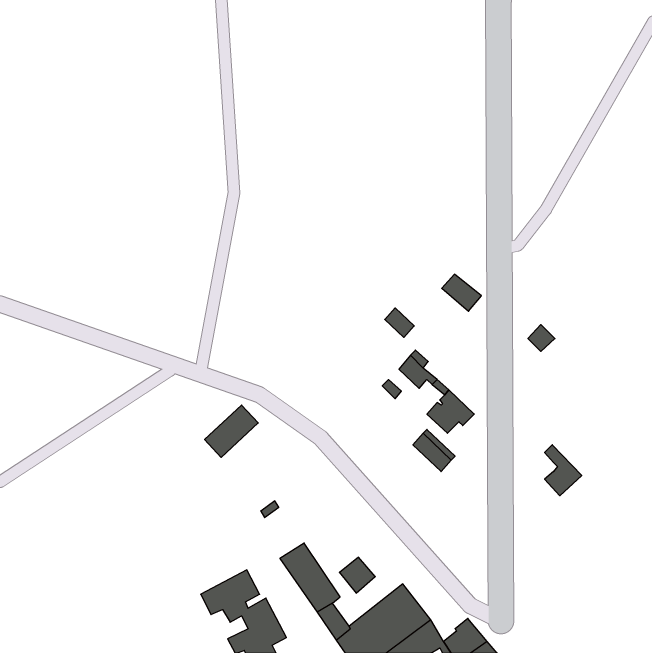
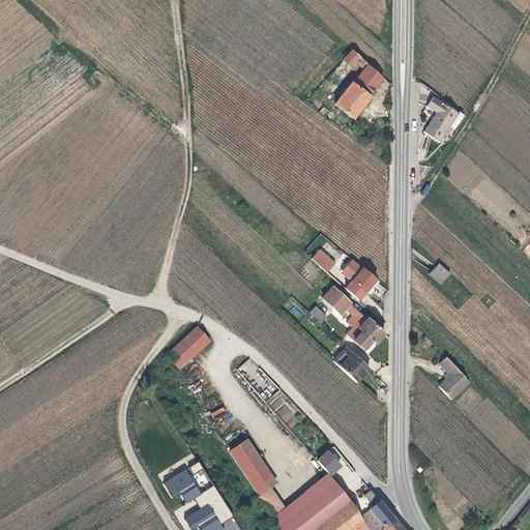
building: none -> [335,51,383,119]
building: none -> [422,94,462,138]
building: [442,274,481,311] -> [345,260,377,290]
building: [339,557,375,593] -> [318,447,347,476]

